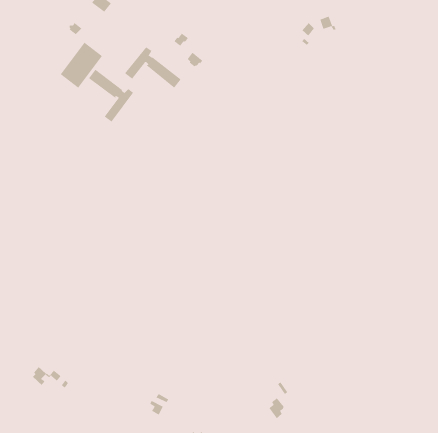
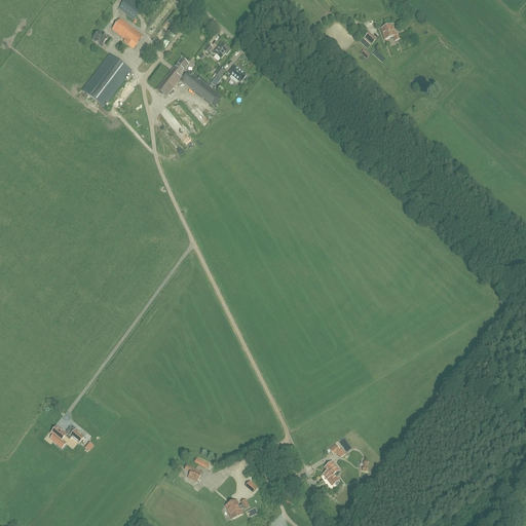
building: none -> [112,17,143,47]
building: [88,69,134,122] -> none

